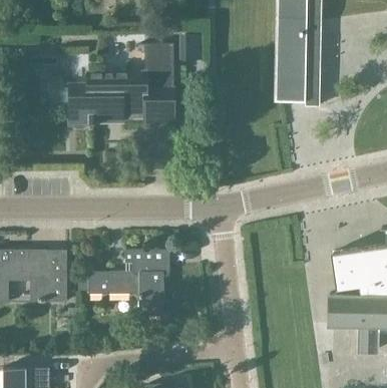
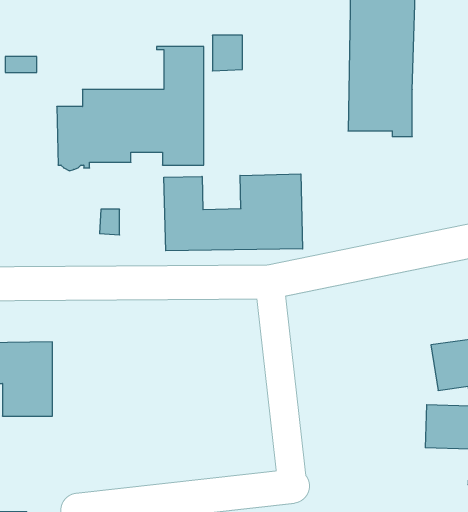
building: none -> [164,174,303,251]
building: [78,251,169,317] -> none

